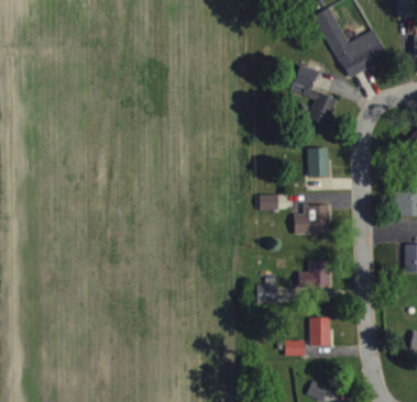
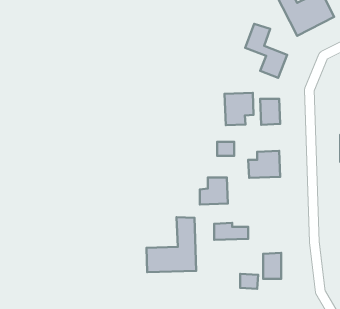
building: none -> [224,93,254,125]
building: [299,259,330,289] -> [200,178,228,205]
building: none -> [146,217,196,272]

